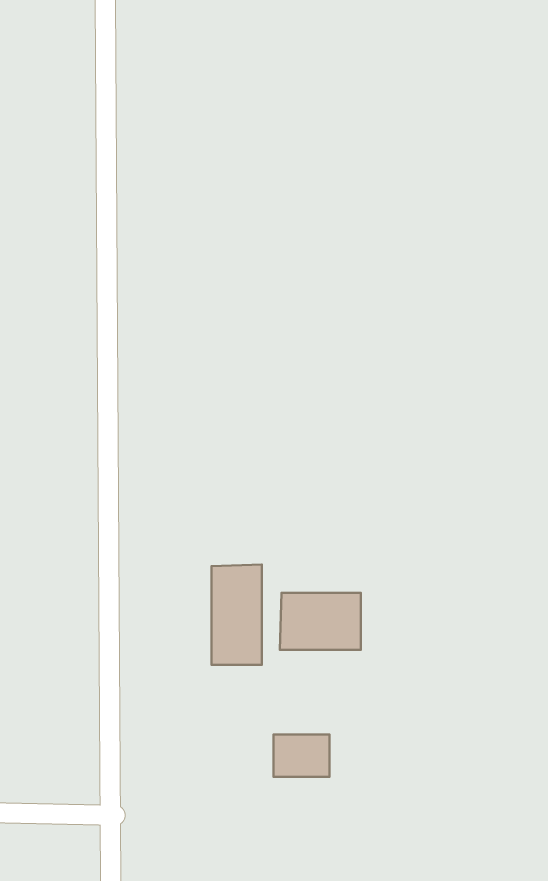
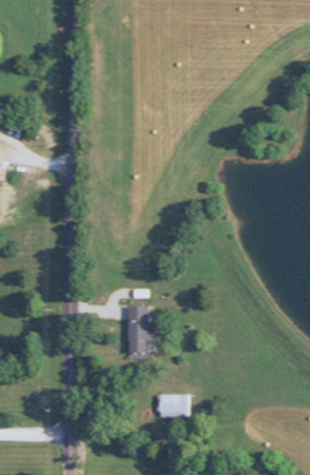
building: [280,593,361,650] -> none

